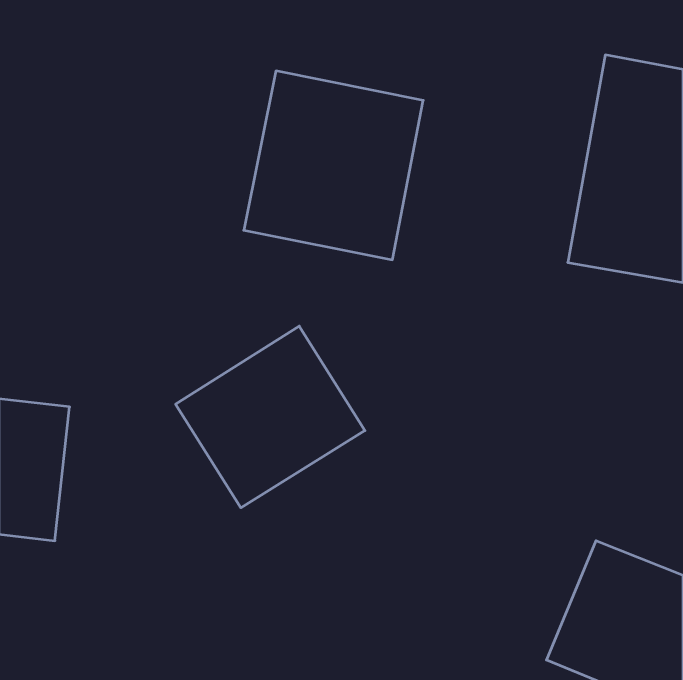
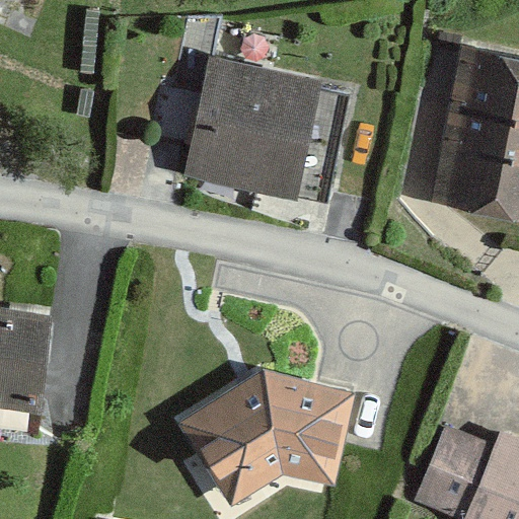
building: [176,326,365,508] -> none
building: none -> [175,368,355,507]

